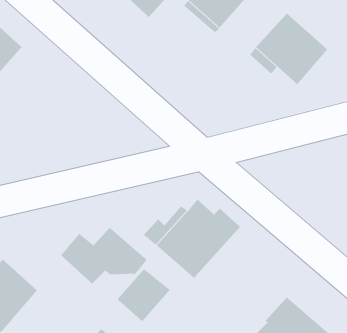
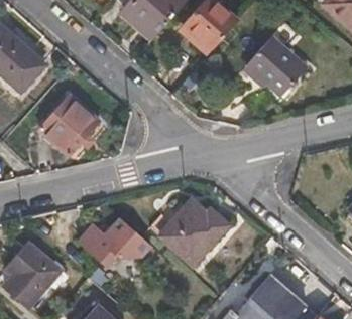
building: none -> [48,89,108,150]
building: [116,268,171,322] -> none

